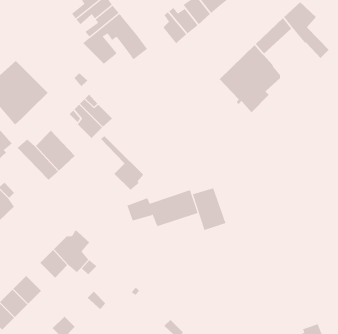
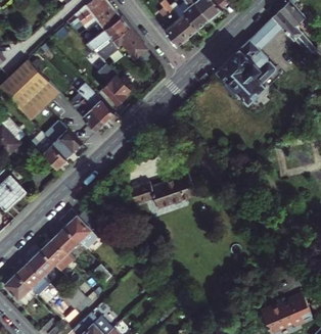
building: [100,135,144,191] -> [93,49,133,99]
building: [192,187,226,231] -> none
building: none -> [38,240,74,275]

